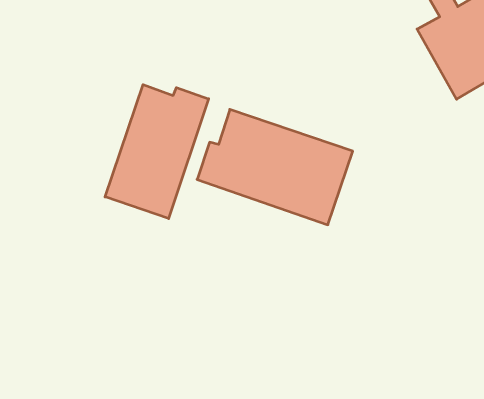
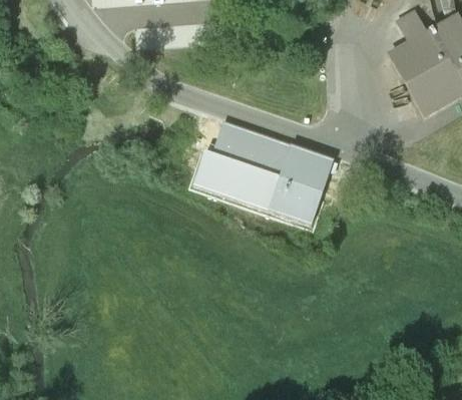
building: [105,85,209,219] -> none

